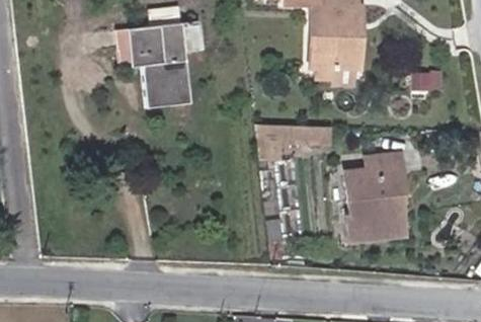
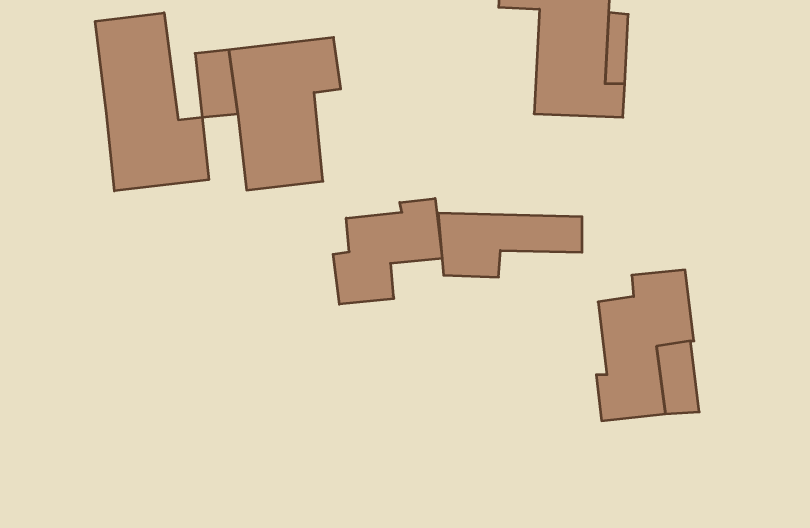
building: none -> [95,13,209,191]
building: none -> [333,198,442,304]

